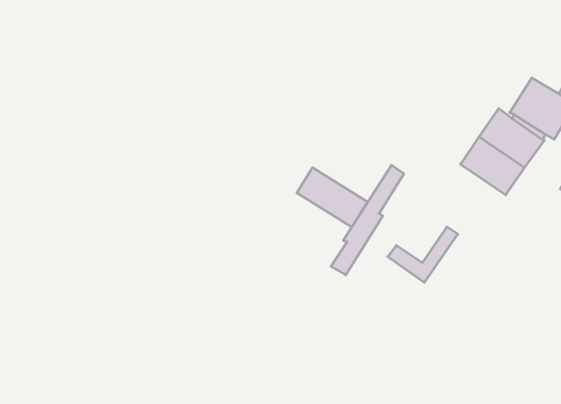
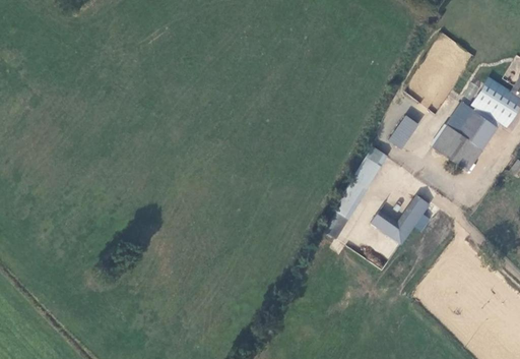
building: none -> [390,113,418,147]
building: [297,168,367,227] -> none

